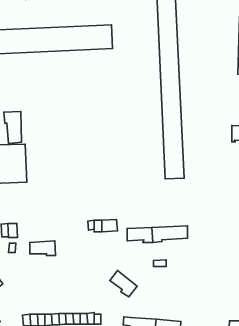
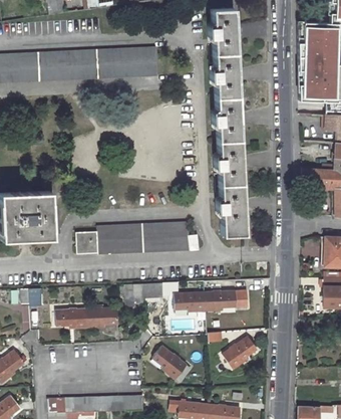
building: [4,112,22,143] -> none
building: none -> [77,221,202,253]
building: none -> [87,307,119,327]
building: none -> [225,337,258,368]

